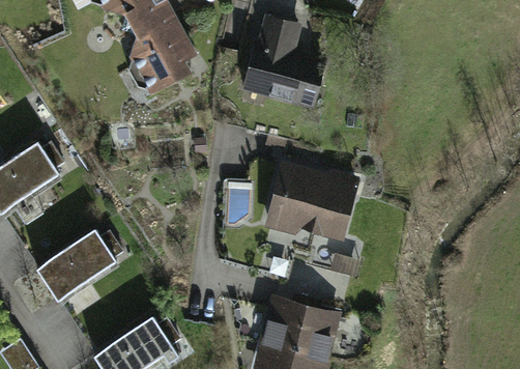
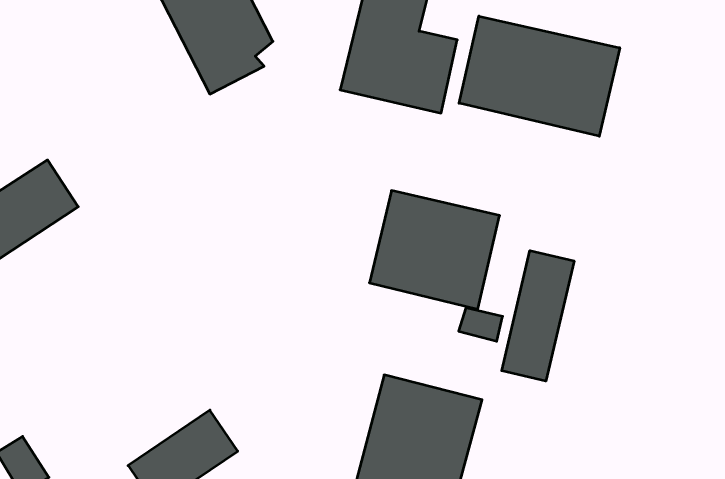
building: none -> [459,16,620,136]
building: none -> [502,251,574,381]
building: [35,228,116,301] -> none

